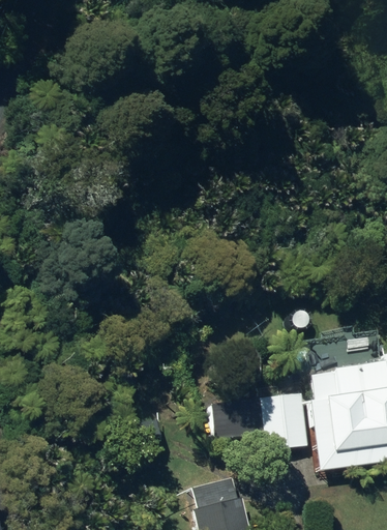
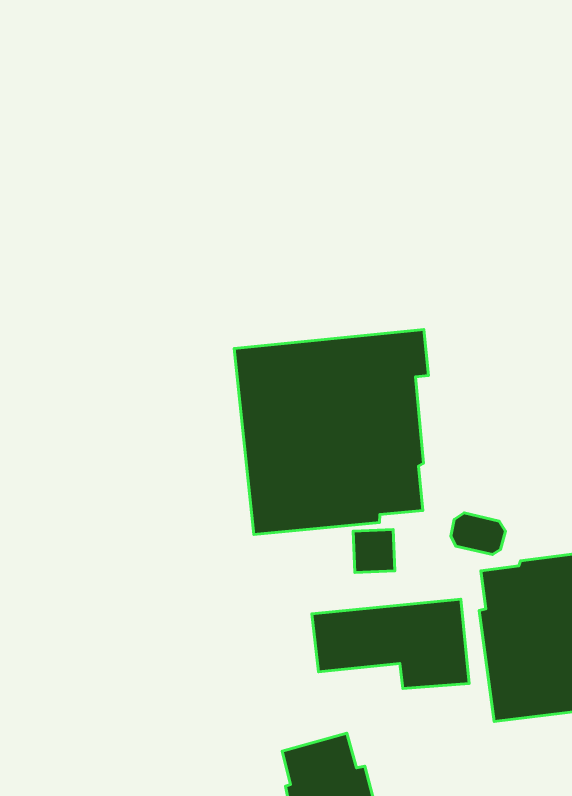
building: none -> [234,330,429,534]

